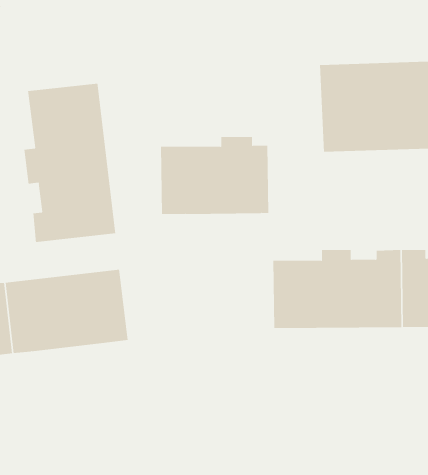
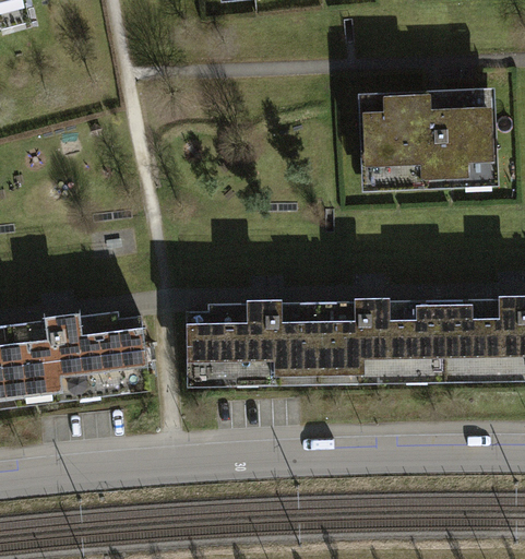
building: [24,83,116,243] -> none
building: [160,137,269,214] -> [187,294,309,381]

